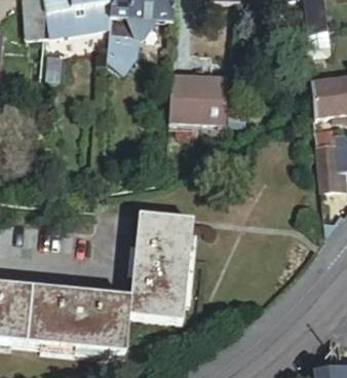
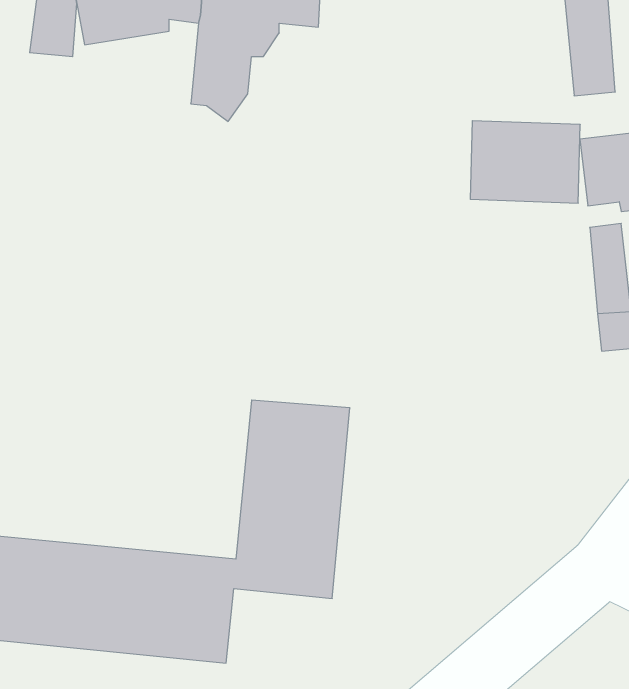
building: [168,78,226,121] -> [470,121,580,203]

